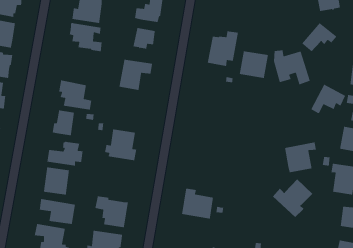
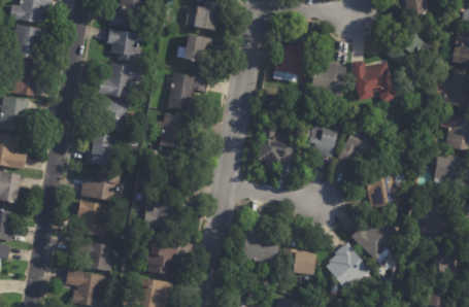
building: none -> [98,63,141,99]
building: [310,84,346,114] -> [338,127,381,163]
building: none -> [156,113,192,148]
building: none -> [257,120,298,164]
building: none -> [309,122,338,158]
building: none -> [143,194,187,232]
building: none -> [327,242,371,292]
building: none -> [294,251,316,276]

